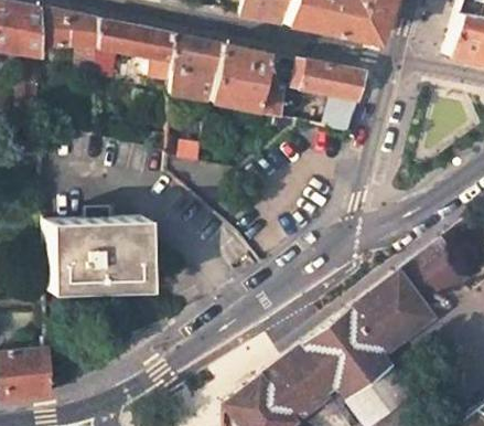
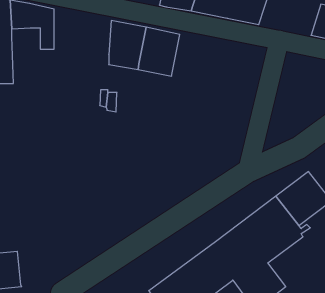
building: [97,20,174,82] -> none
building: [255,54,283,117] -> none
building: [291,60,366,134] -> none
building: [54,211,164,286] -> none

